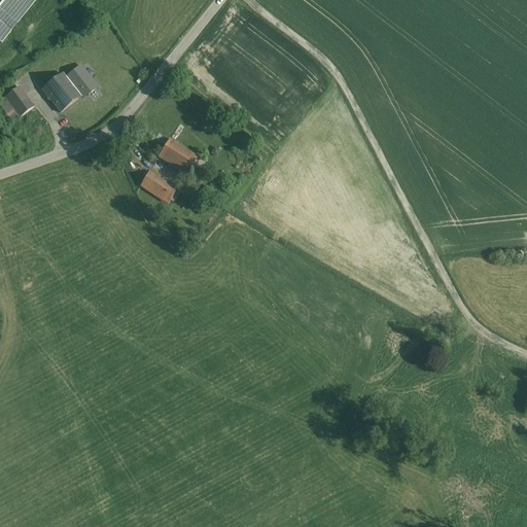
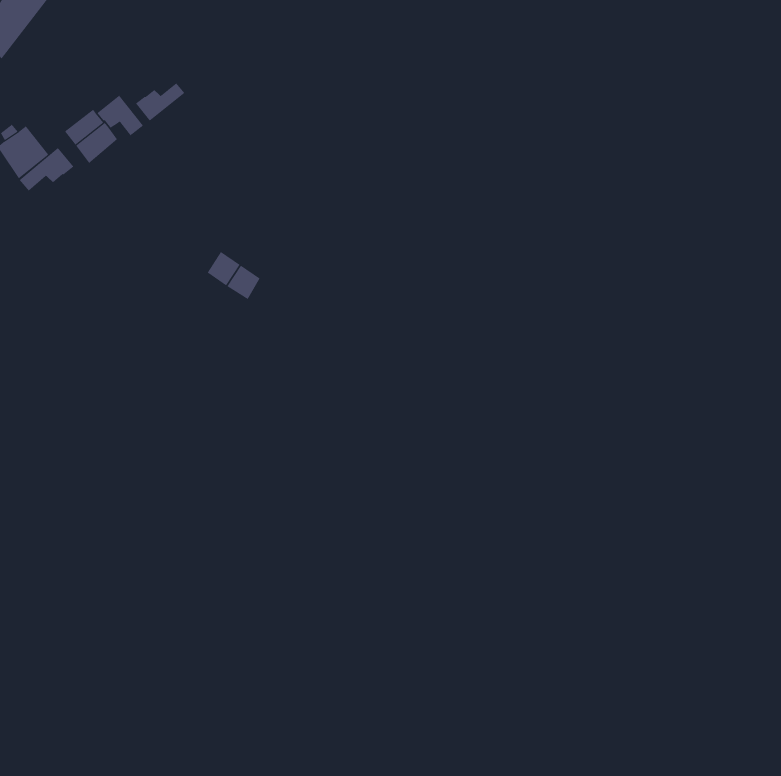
building: none -> [135,83,185,122]
building: none -> [19,147,74,191]
building: [157,136,197,172] -> none

